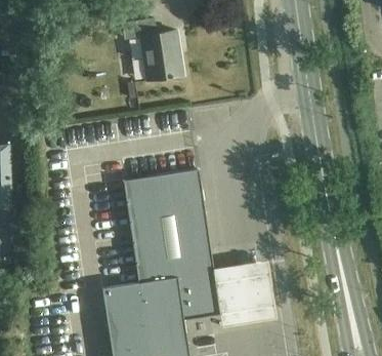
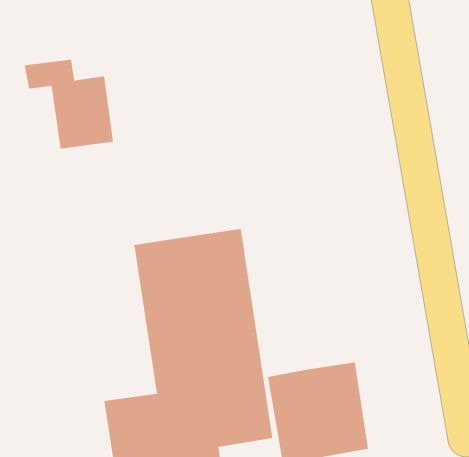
building: [121,18,182,80] -> [24,59,114,149]

